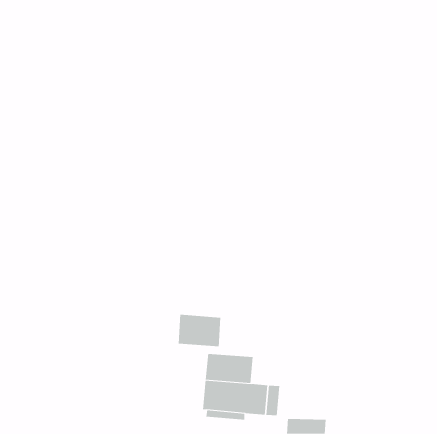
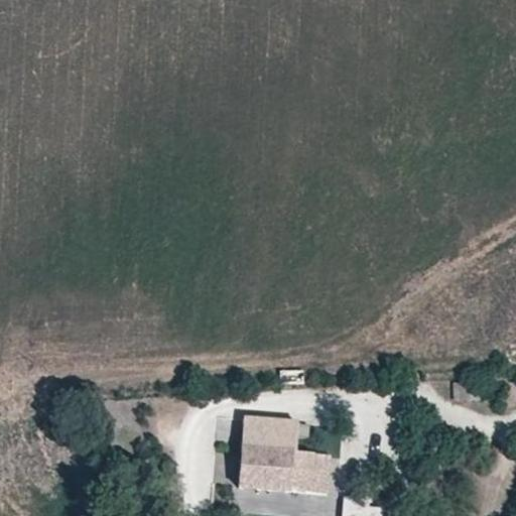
building: [178,314,221,347] -> none

